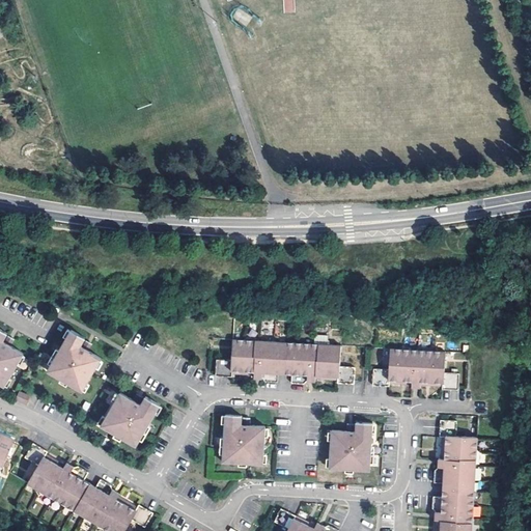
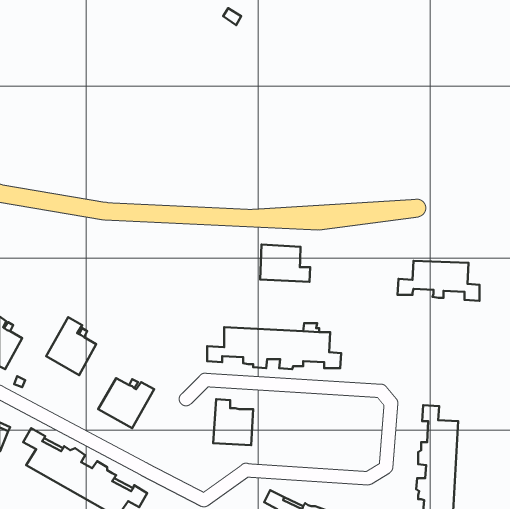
building: none -> [260,245,310,282]
building: [372,351,457,392] -> [397,261,479,301]
building: [329,423,370,470] -> none

